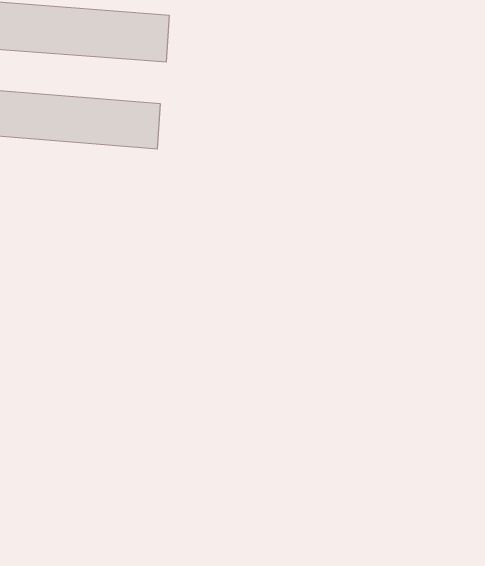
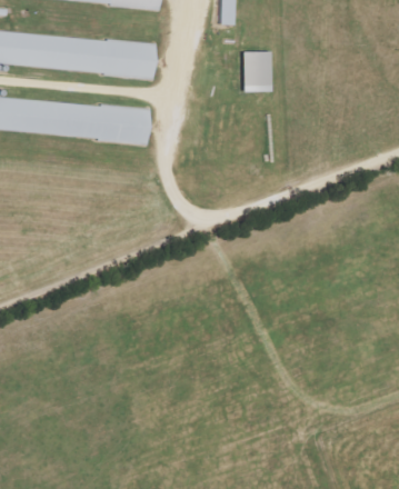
building: none -> [243,52,272,93]

